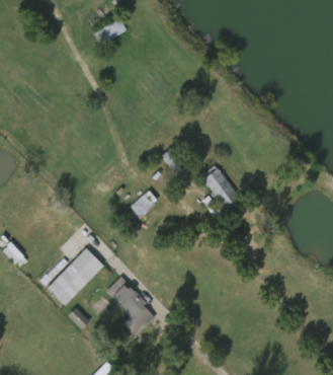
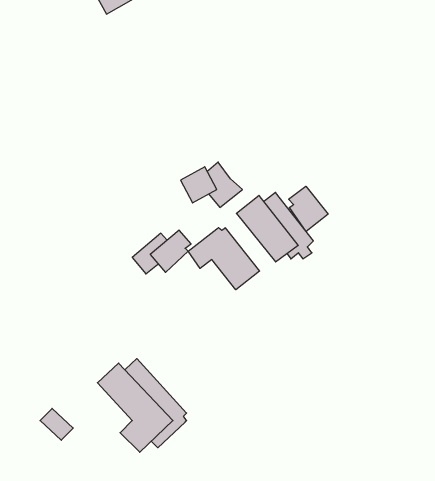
building: none -> [289,186,328,232]
building: none -> [188,228,260,290]
building: [49,247,105,304] -> none

